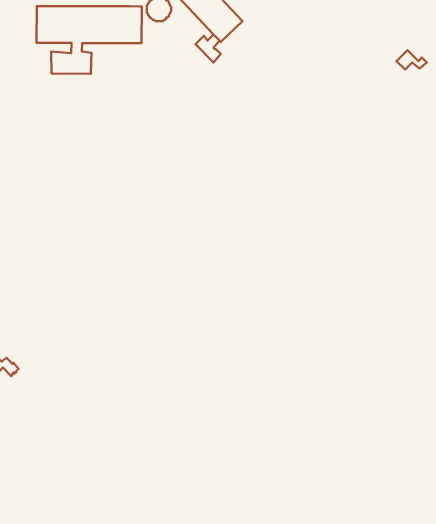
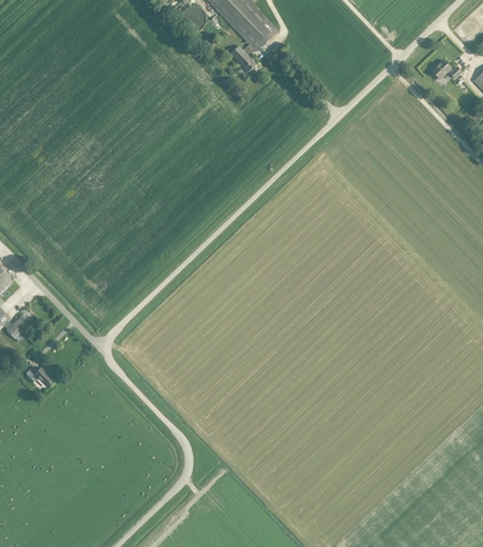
building: [37,6,142,74] -> none

